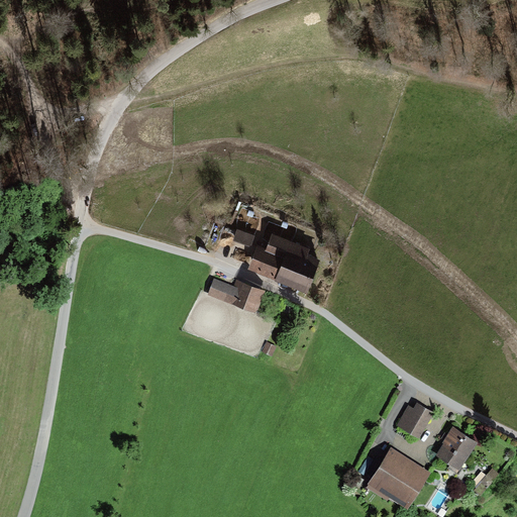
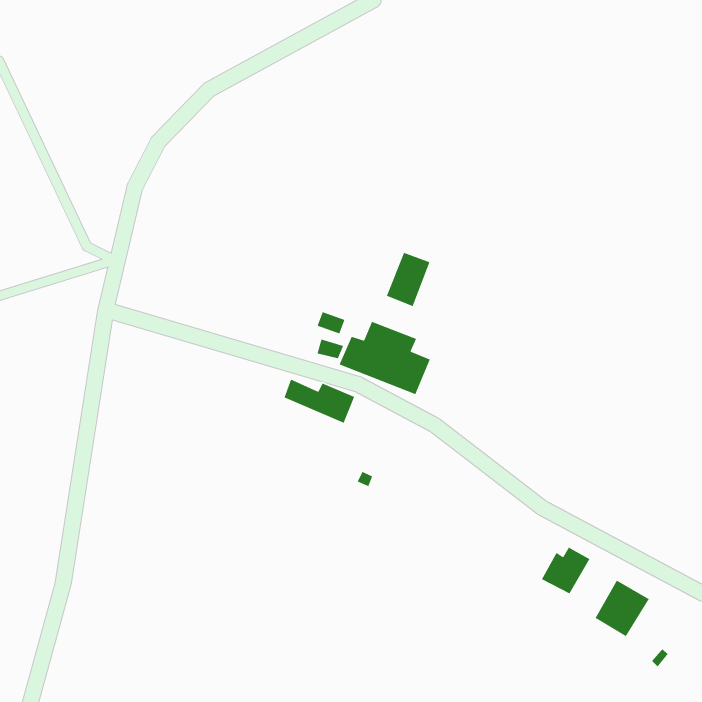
building: none -> [386,252,431,307]
building: [368,447,429,507] -> none

